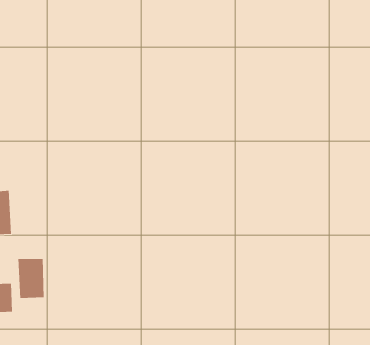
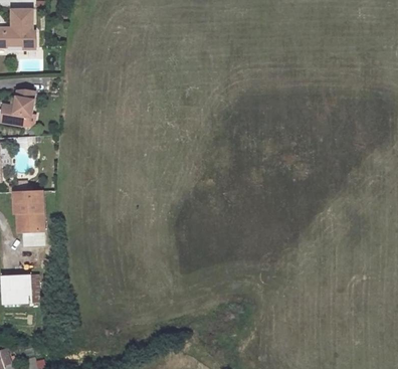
building: [18,258,44,299] -> none

